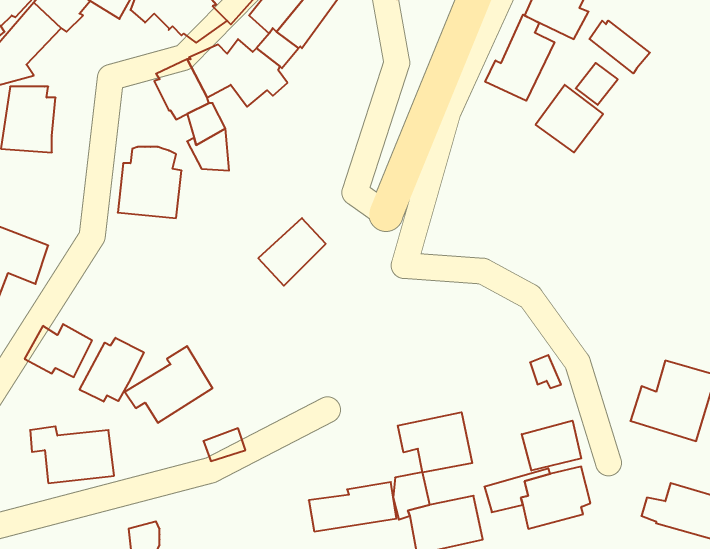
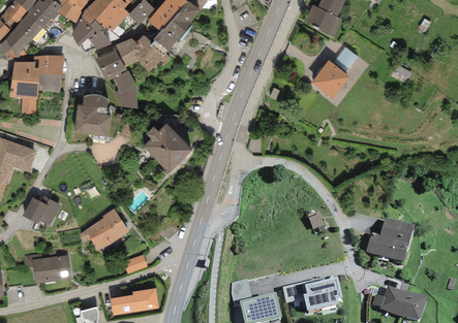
building: none -> [71,18,111,52]
building: [485,15,554,101] -> none
building: [589,21,650,73] -> none
building: none -> [33,55,63,91]
building: none -> [143,123,179,158]
building: [80,338,144,402] -> none
building: [398,412,472,473] -> none
building: [522,421,581,471] -> none
building: [309,482,396,531] -> [110,287,159,315]

